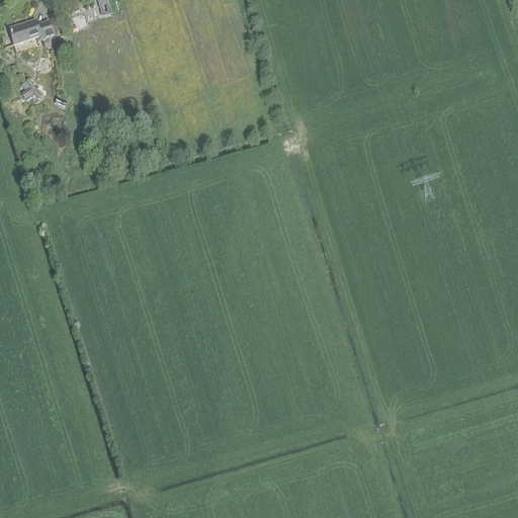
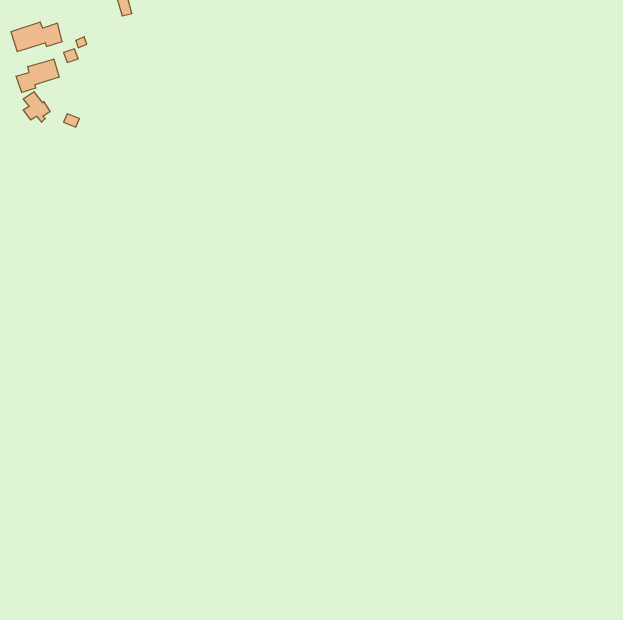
building: none -> [16,59,59,93]

